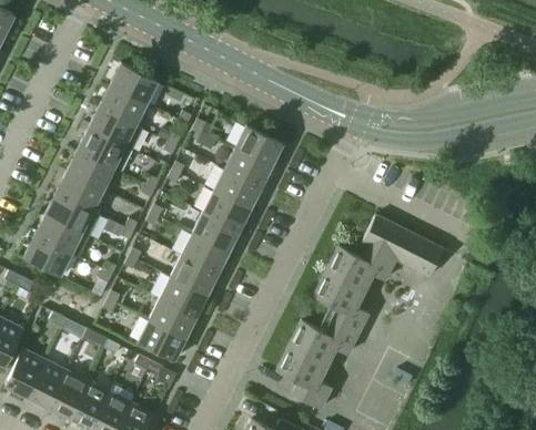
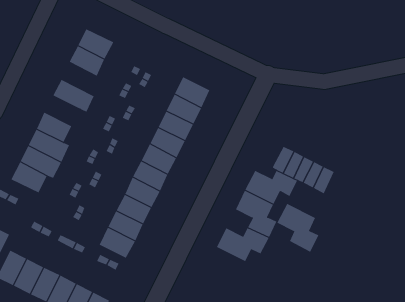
building: [89,108,143,152] -> none
building: [67,151,113,191] -> none
building: [276,347,332,410] -> [276,203,319,252]

